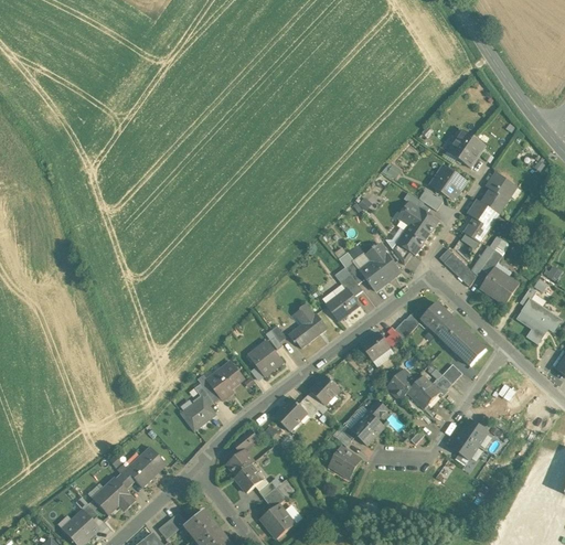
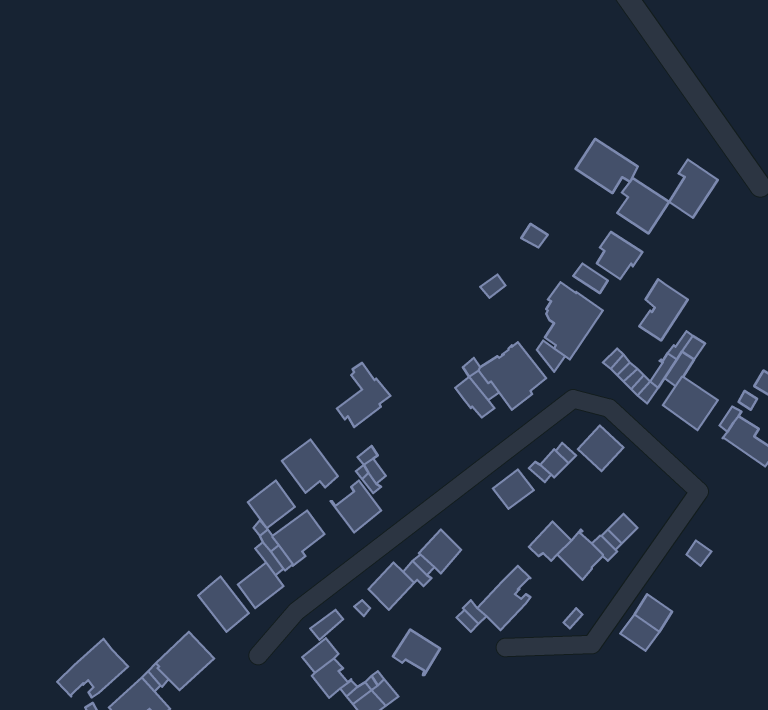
building: none -> [575,139,638,193]
building: [481,173,515,214] -> [669,159,718,218]
building: [322,285,359,321] -> none
building: [288,303,326,349] -> [337,363,390,427]
building: none -> [282,439,338,493]
building: [437,318,486,365] -> none
building: none -> [248,481,295,528]
building: none -> [198,577,249,632]
building: [328,447,361,479] -> [393,630,440,675]
building: none -> [57,639,128,698]

